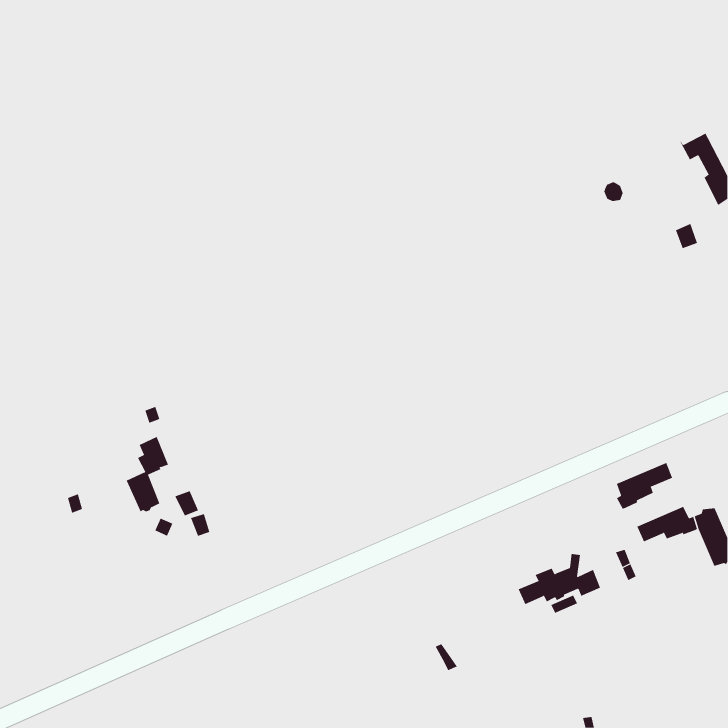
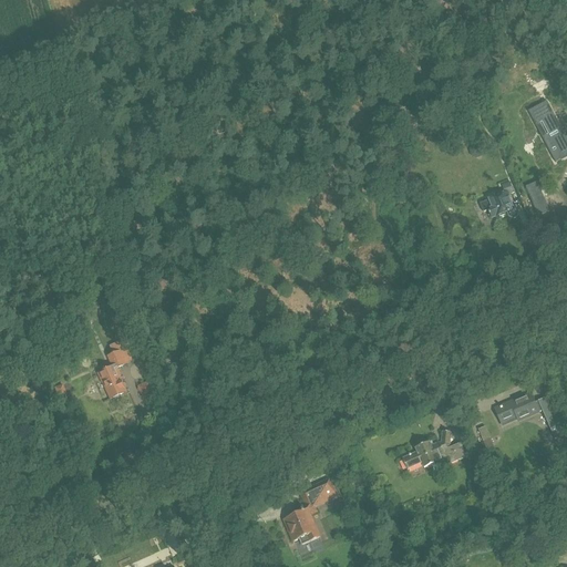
building: none -> [477,184,517,217]
building: [616,462,673,510] -> none
building: none -> [281,477,336,543]

